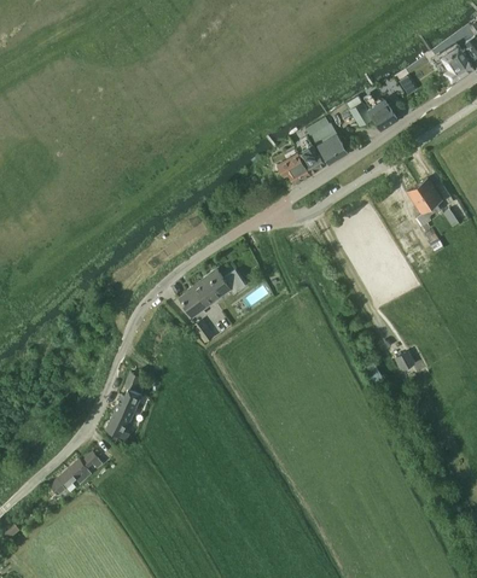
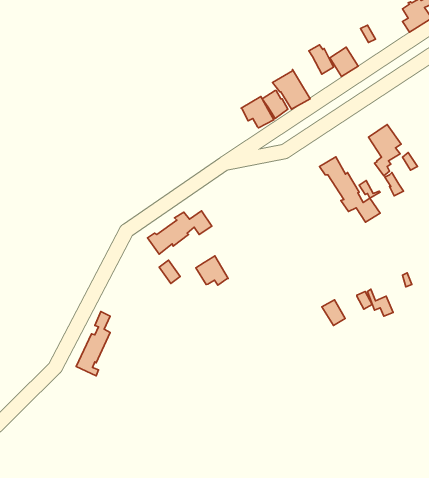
building: none -> [320,157,380,222]
building: none -> [196,256,228,285]
building: [48,451,101,495] -> none

